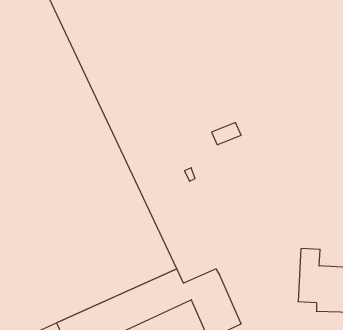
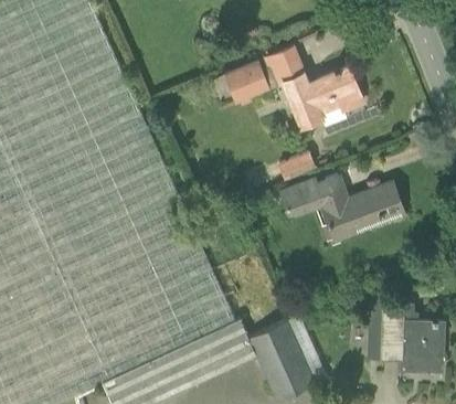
building: none -> [223,49,362,127]
building: none -> [280,178,401,241]

